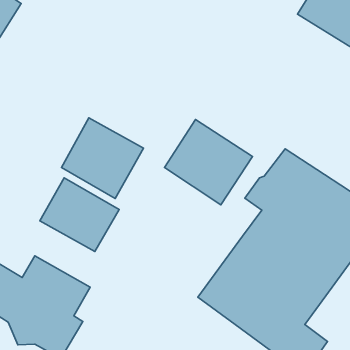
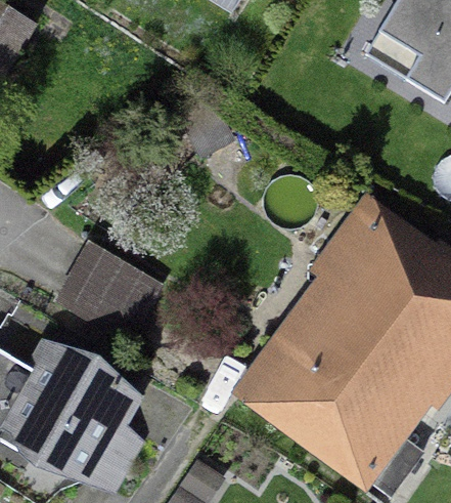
building: [61,118,143,198] -> none
building: [165,120,253,205] -> none

